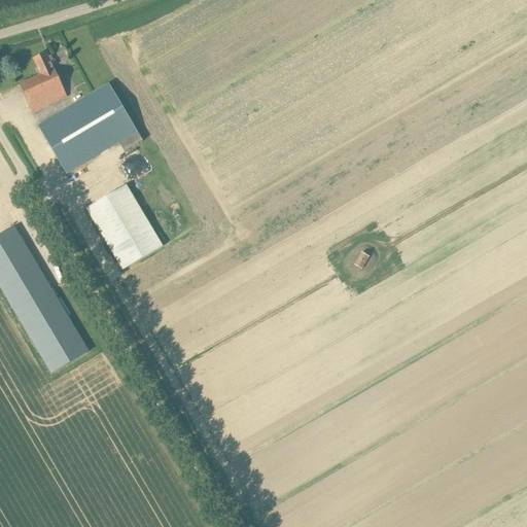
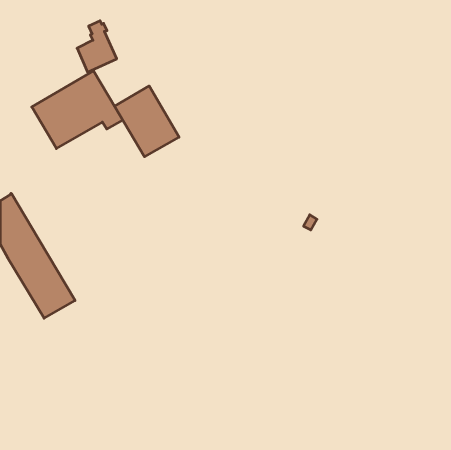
building: [20,50,66,110] -> [77,21,117,72]
building: [86,184,162,267] -> [115,86,179,157]

